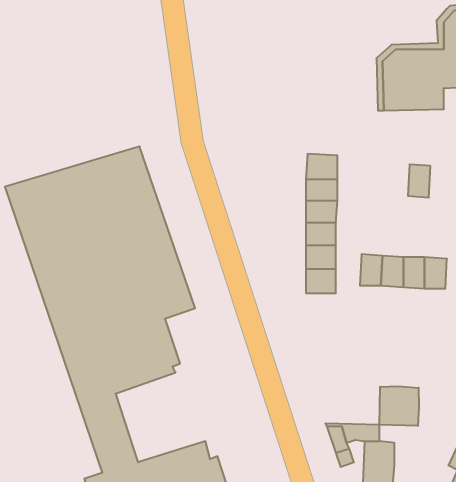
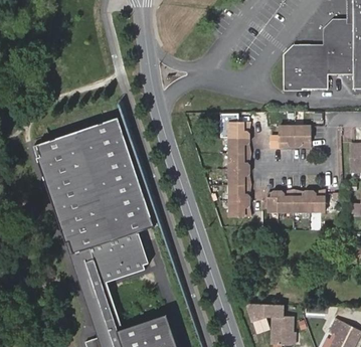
building: none -> [285,128,303,150]
building: [379,386,419,426] -> none

